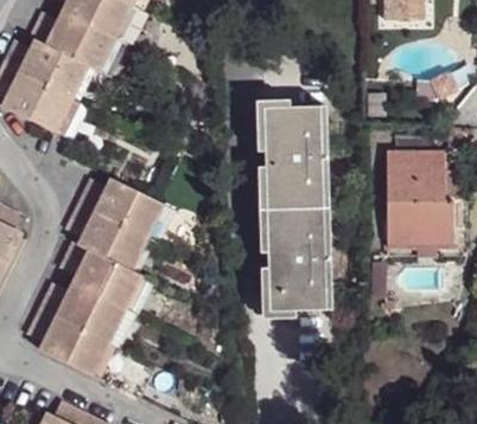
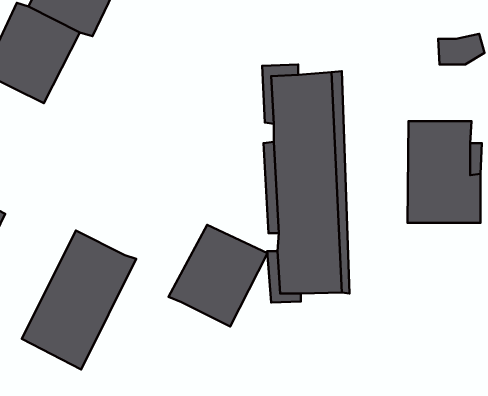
building: [72,179,164,272] -> [169,225,267,327]

